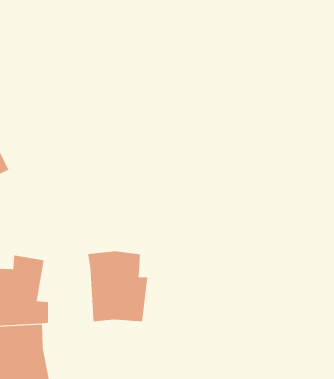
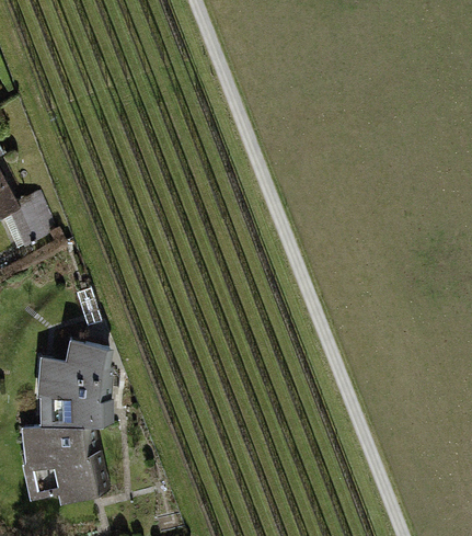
building: [88,250,148,322] -> none

